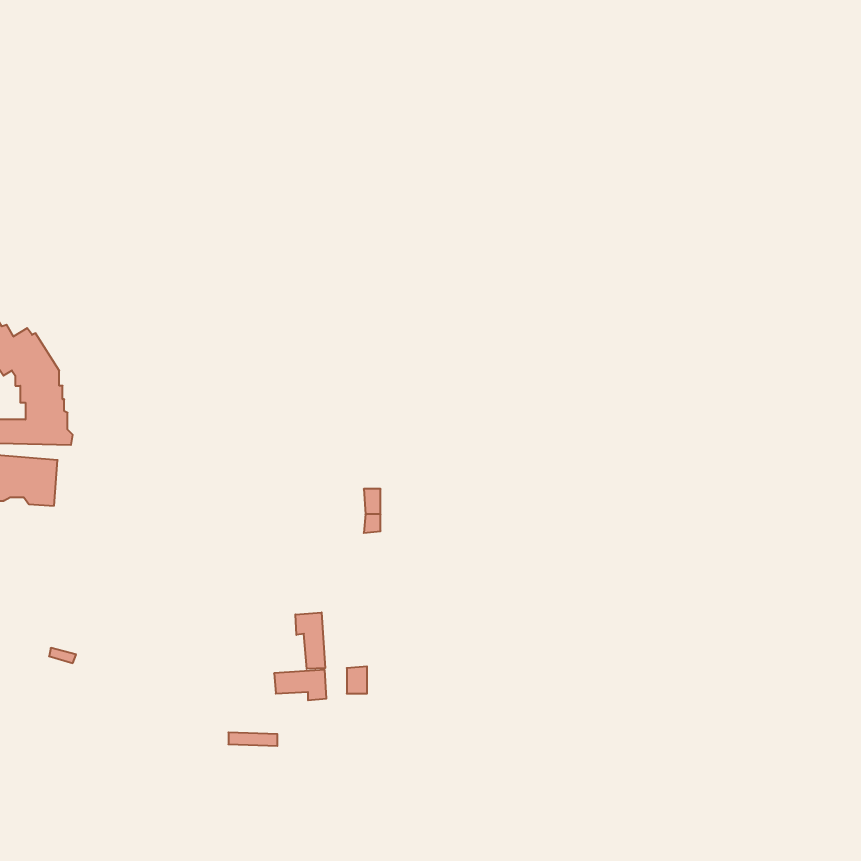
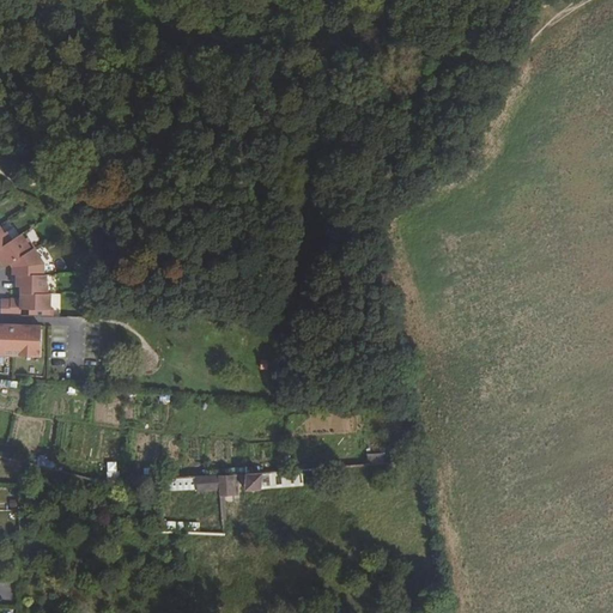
building: [295,612,325,669] -> none

